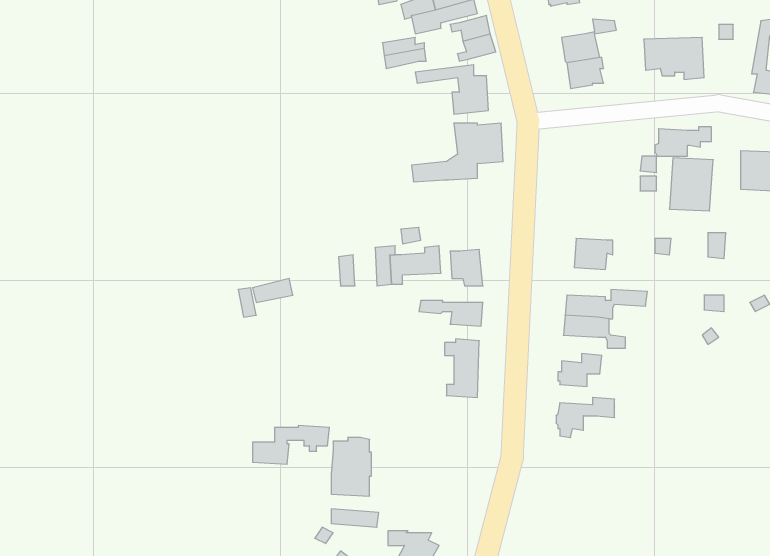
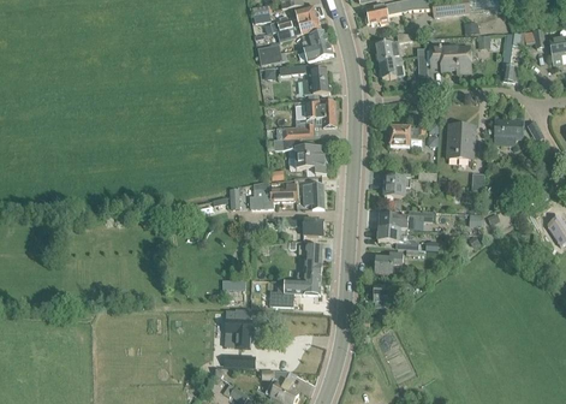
building: [655,127,711,156] -> [387,124,424,143]
building: none -> [273,137,324,173]
building: [253,426,329,464] -> [269,279,320,304]

